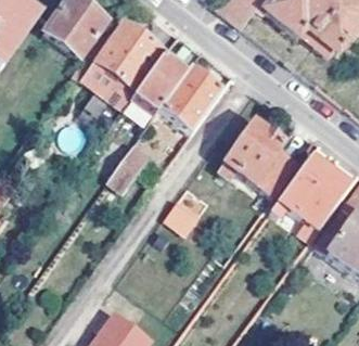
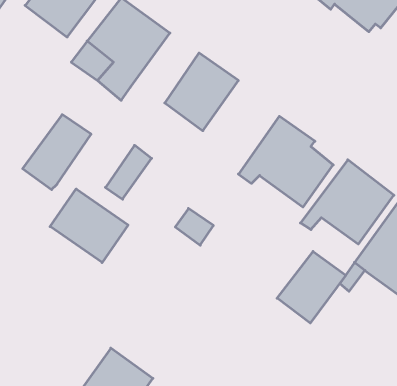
building: [132,53,189,115] -> [23,115,91,190]
building: none -> [50,189,128,263]
building: none -> [277,251,346,323]

